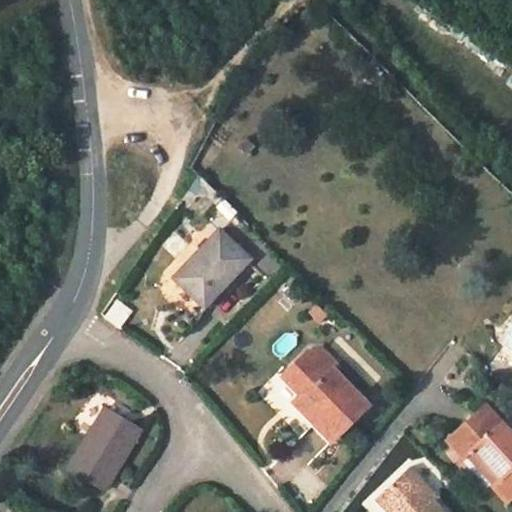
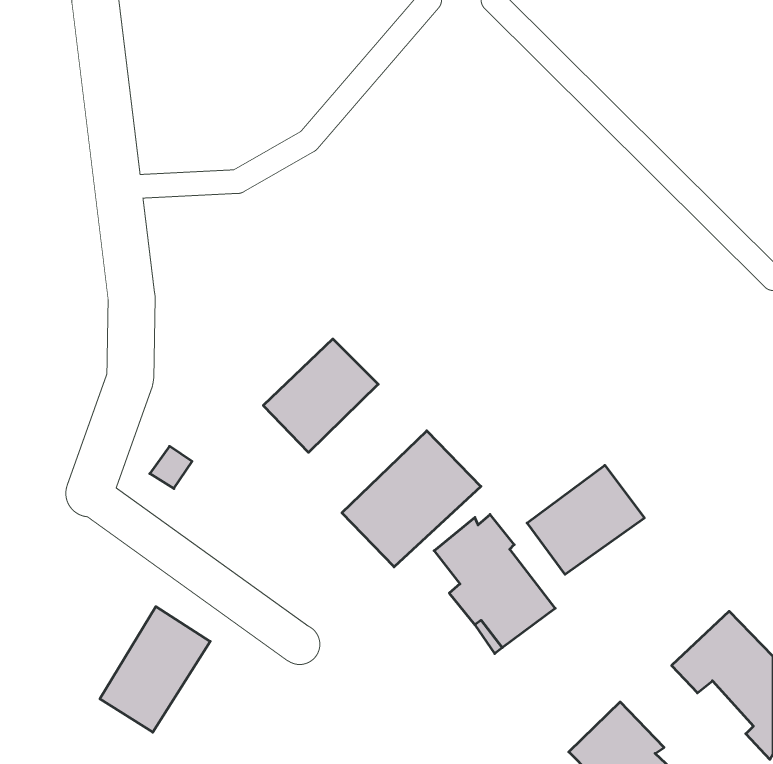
building: none -> [342,431,481,567]
building: none -> [527,465,644,574]

